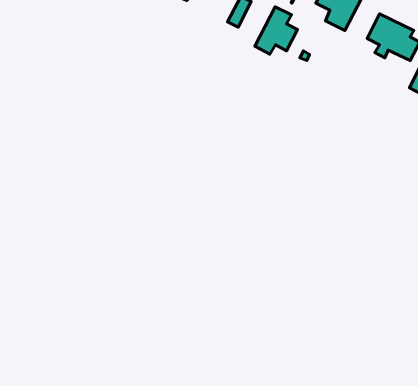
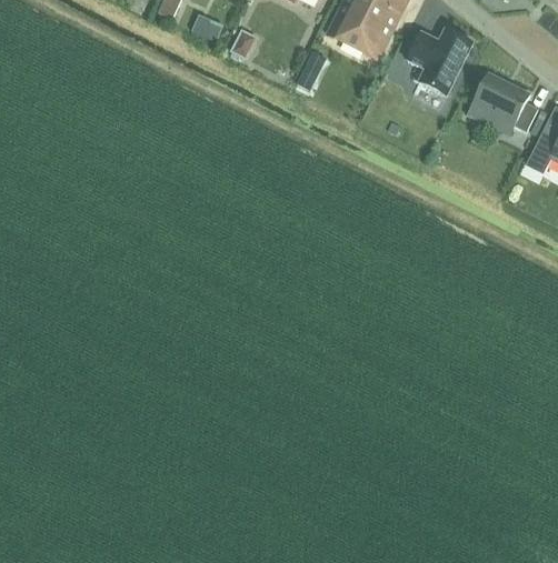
building: [255,7,297,54] -> none

